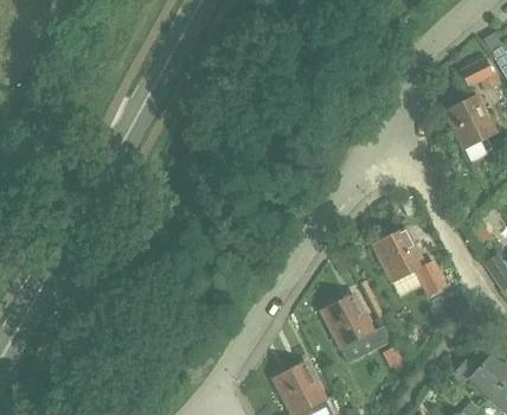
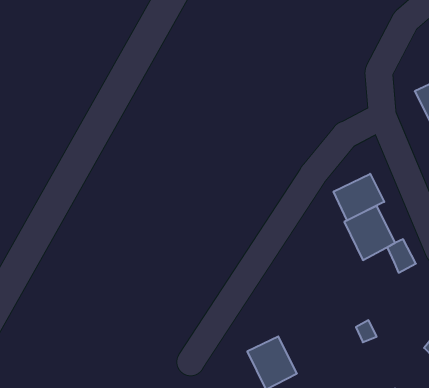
building: none -> [334,174,384,221]
building: [321,293,373,347] -> none

